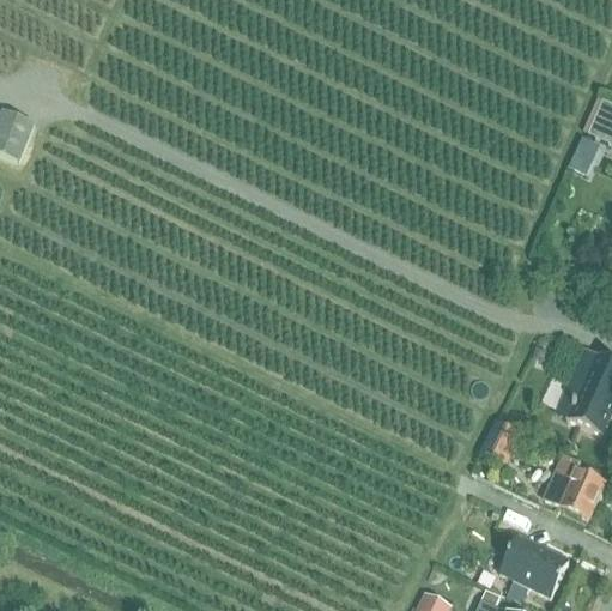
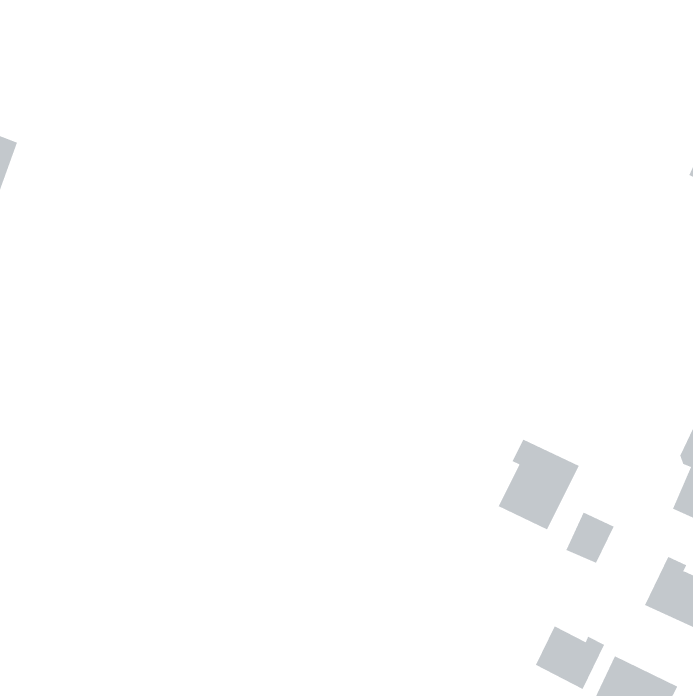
building: none -> [498,439,579,530]
building: none -> [535,626,605,690]

